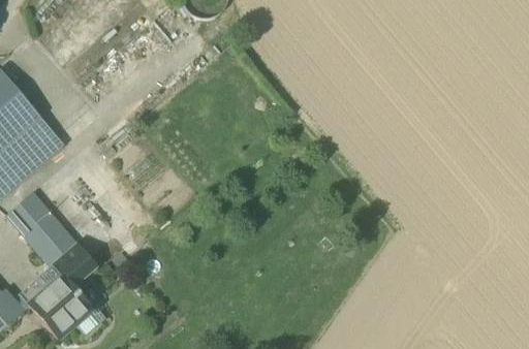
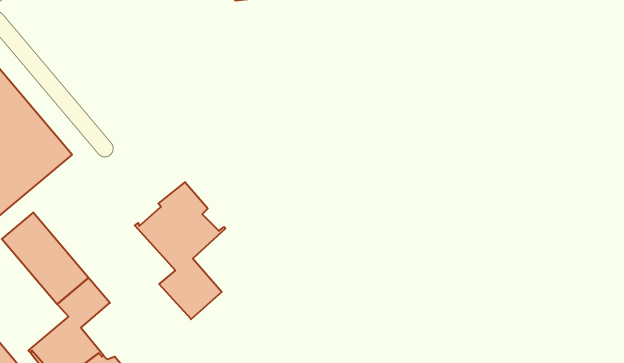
building: none -> [135,182,225,319]

